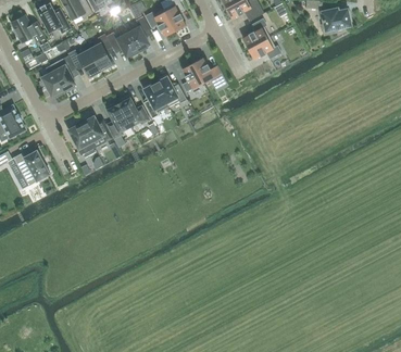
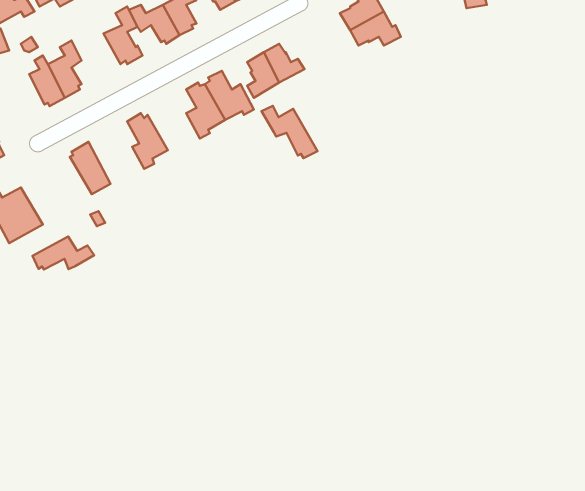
building: [67,50,100,79] -> none
building: [117,95,149,126] -> none
building: none -> [262,106,317,158]
building: [79,115,112,148] -> none
building: none -> [32,236,94,269]

